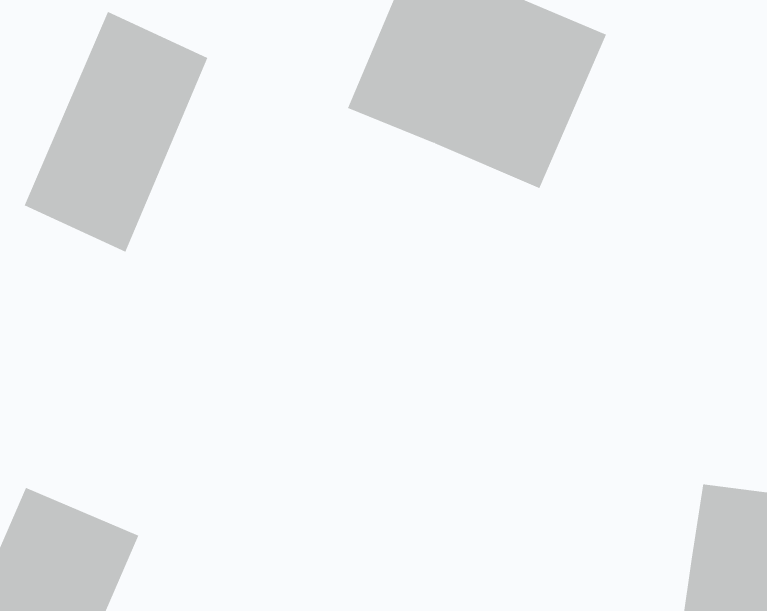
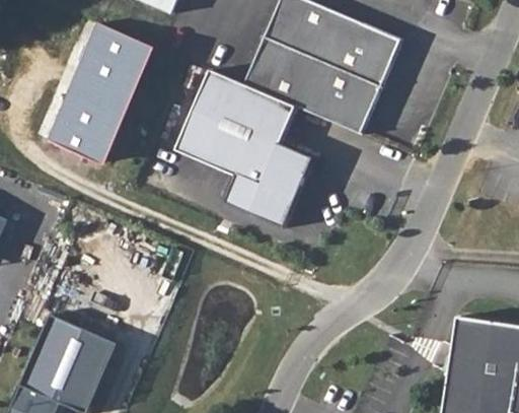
building: none -> [175,68,314,227]

